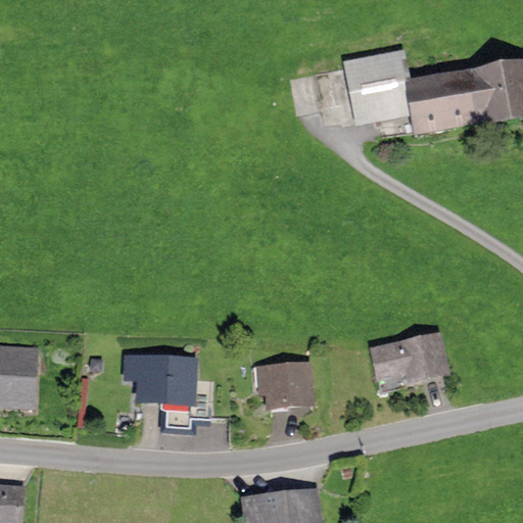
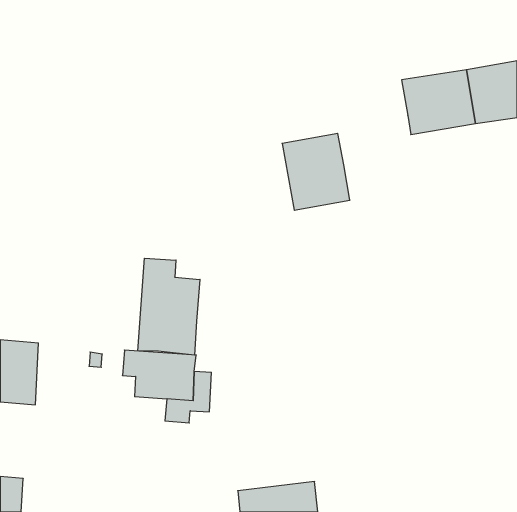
building: [343,49,412,127] -> [282,133,350,210]
building: none -> [138,258,200,355]
building: [371,328,454,383] -> none
building: [260,363,313,407] -> none

